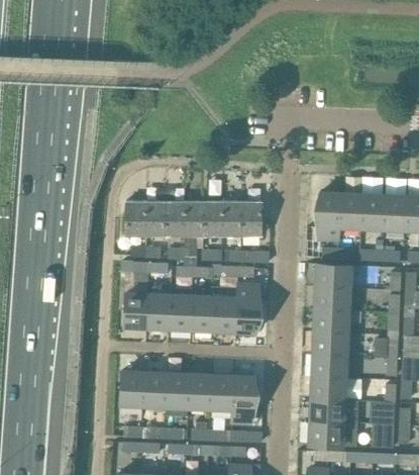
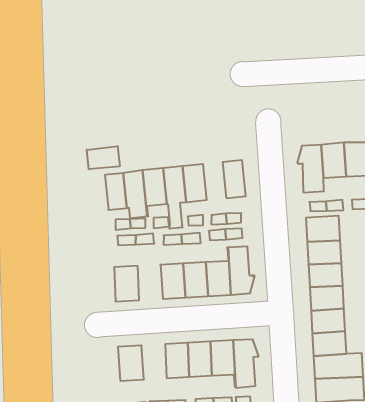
building: none -> [87,146,120,169]
building: [222,201,241,236] -> none
building: [146,294,171,328] -> none
building: [143,372,168,406] -> none

